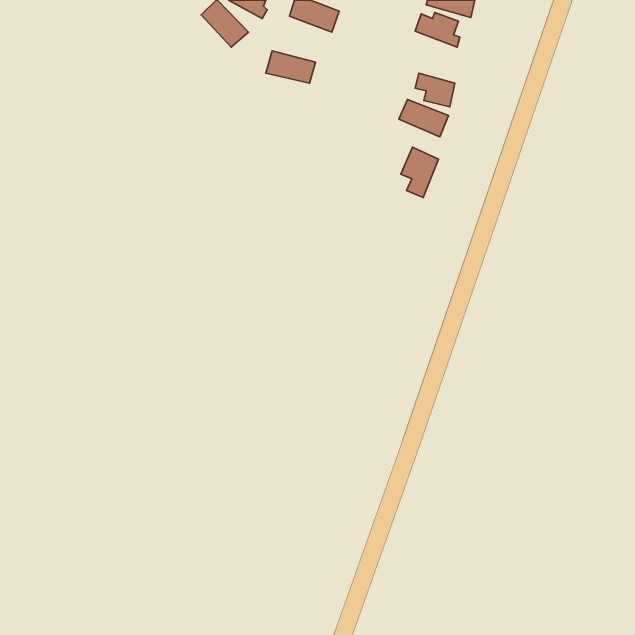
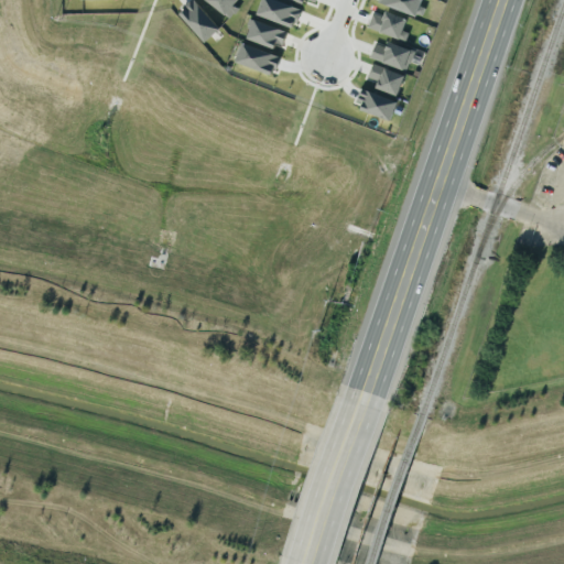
building: none -> [245,19,288,51]
building: none -> [370,42,413,69]
building: [401,147,438,198] -> none

